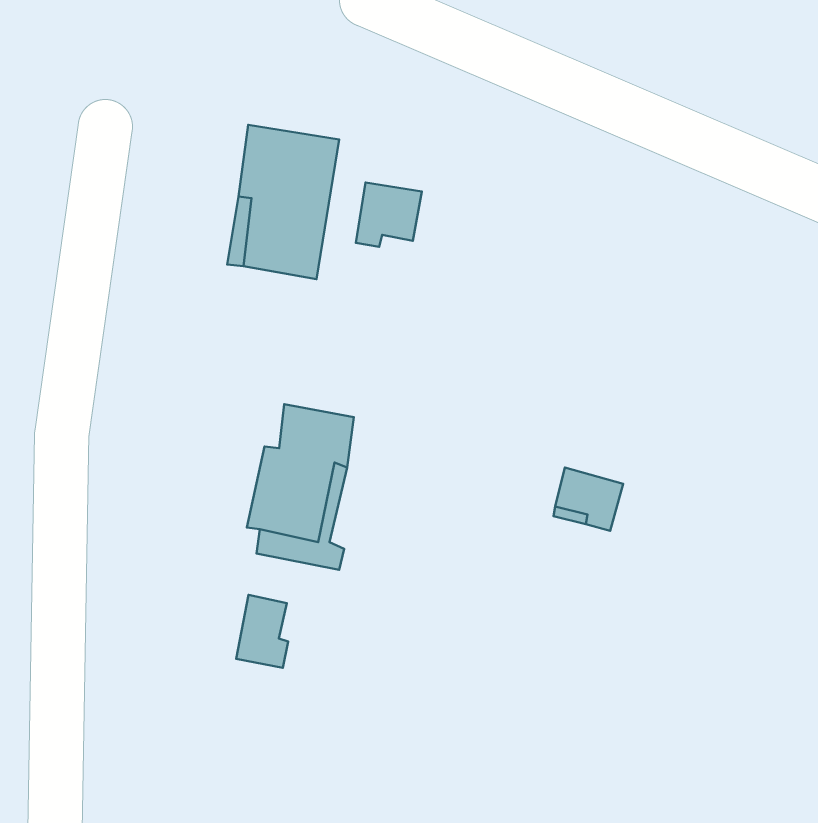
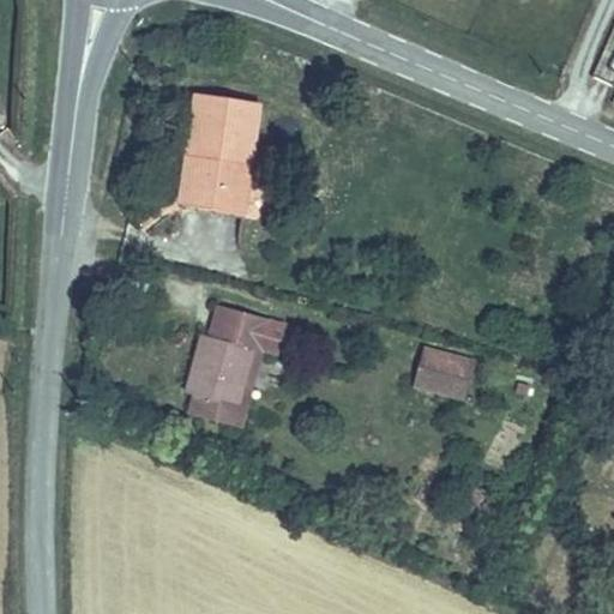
building: [356,183,422,247] -> none
building: [236,595,288,668] -> none

